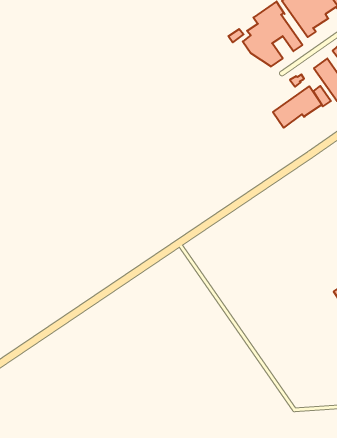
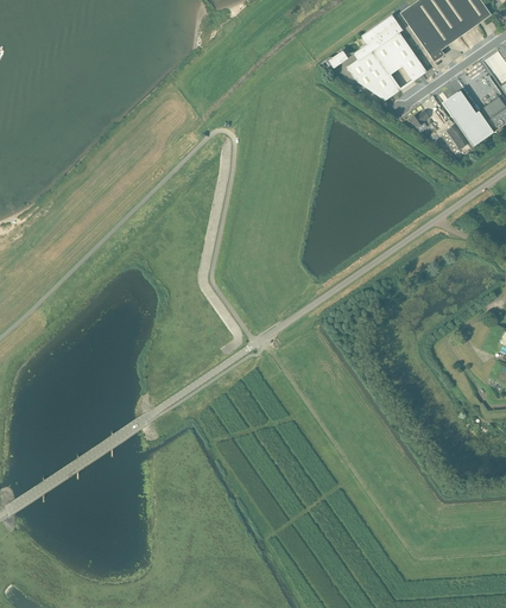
building: [273,86,321,128] -> none

